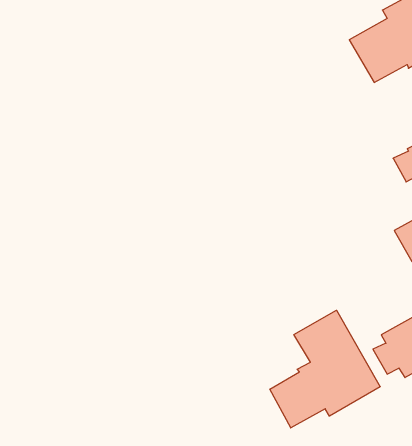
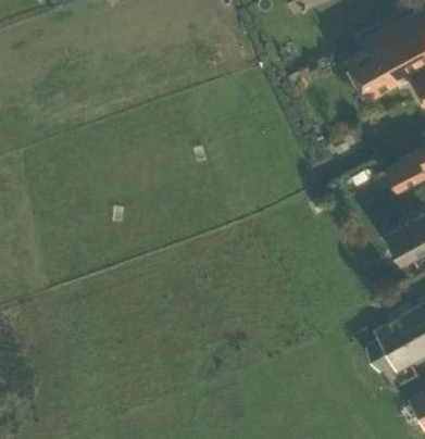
building: [270,310,380,428] -> none

